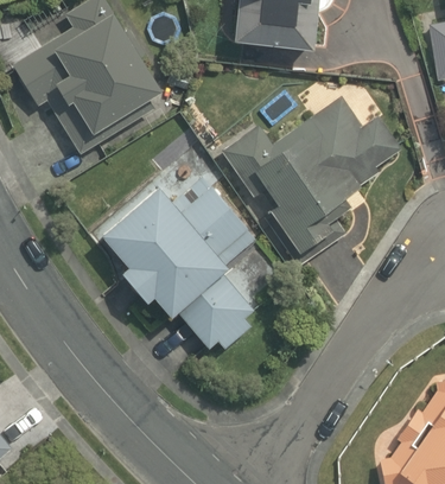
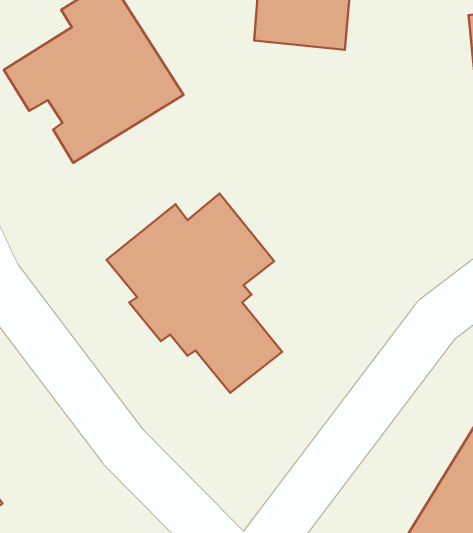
building: [218,97,401,257] -> none

